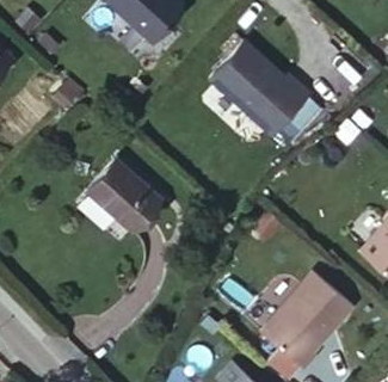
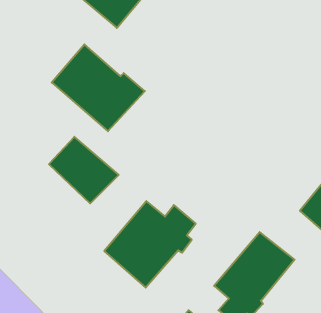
building: [208,39,313,137] -> [52,44,145,131]
building: none -> [104,201,196,288]

